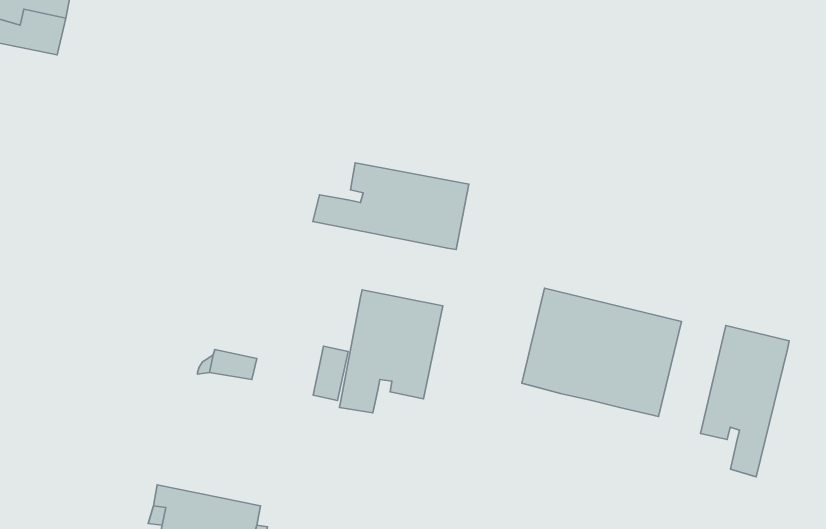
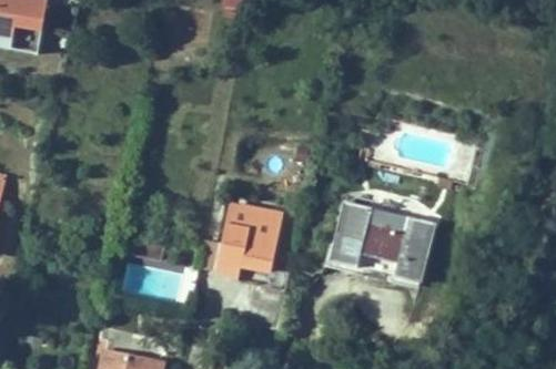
building: [313,163,469,250] -> none
building: [701,325,789,477] -> none

